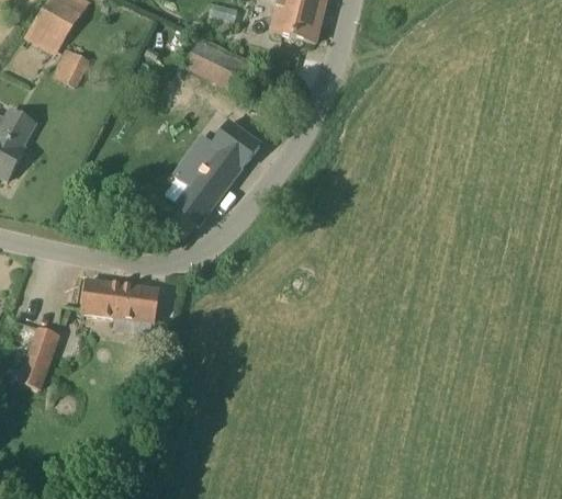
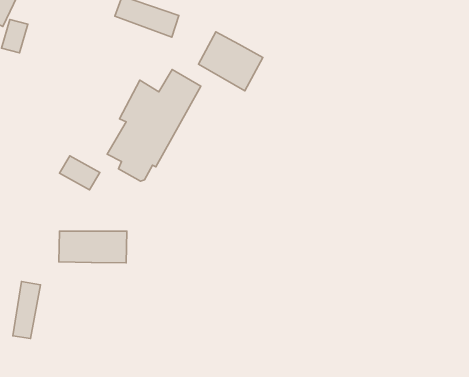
building: none -> [198,32,263,91]
building: none -> [59,156,100,190]

